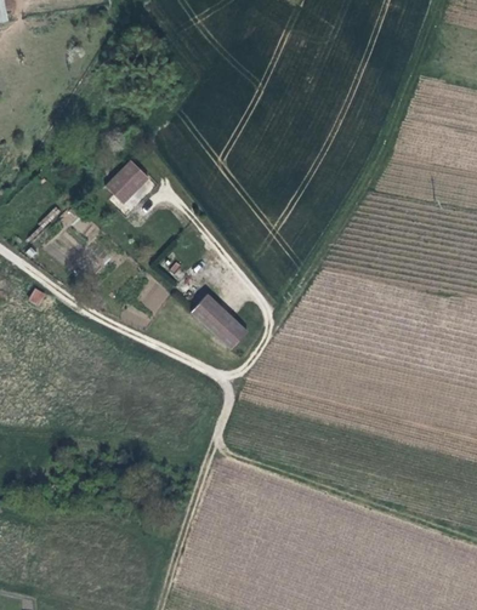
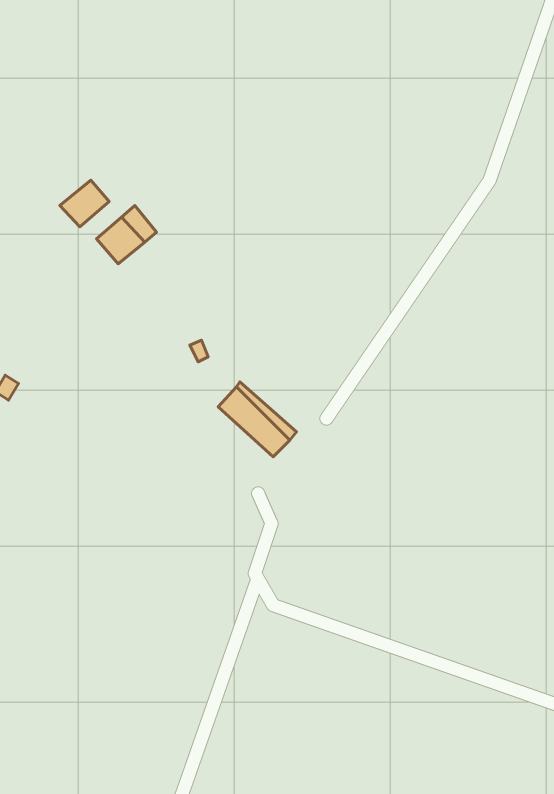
building: none -> [60,180,109,227]

